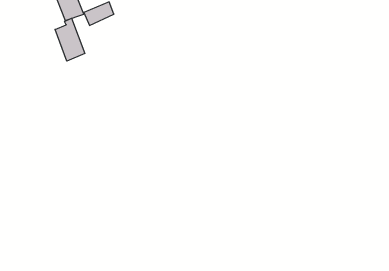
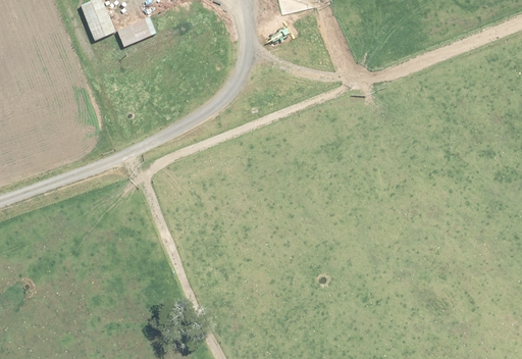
building: [55,18,85,61] -> none

